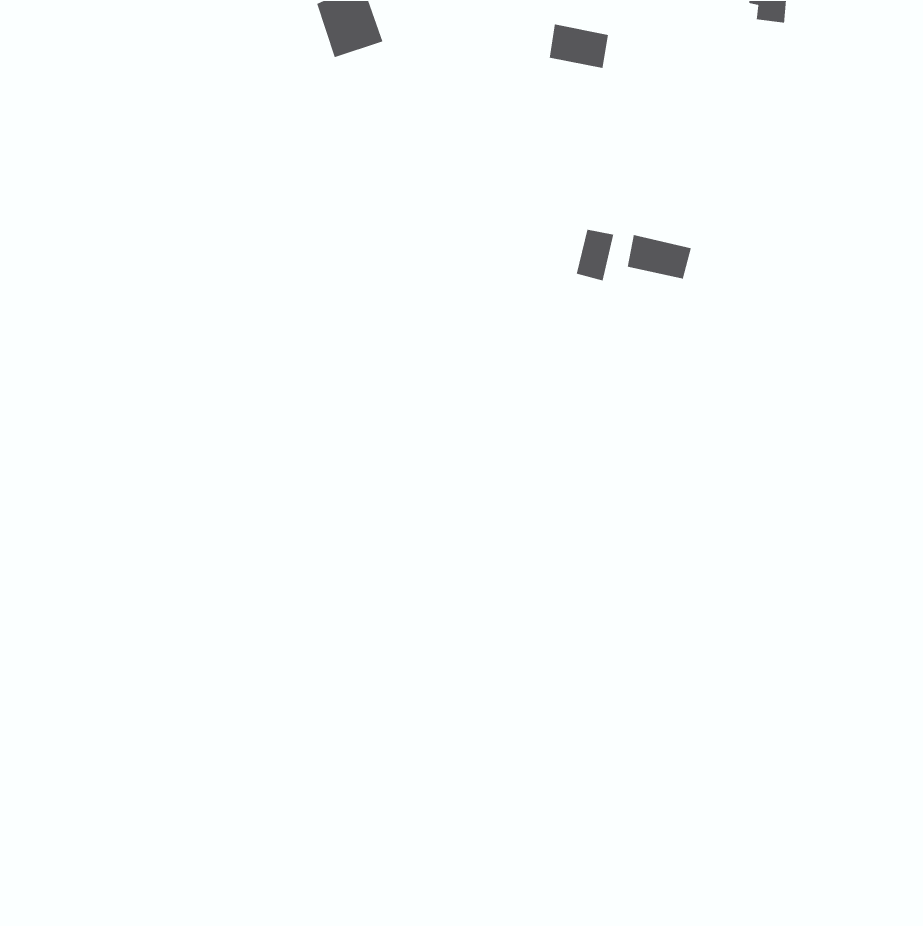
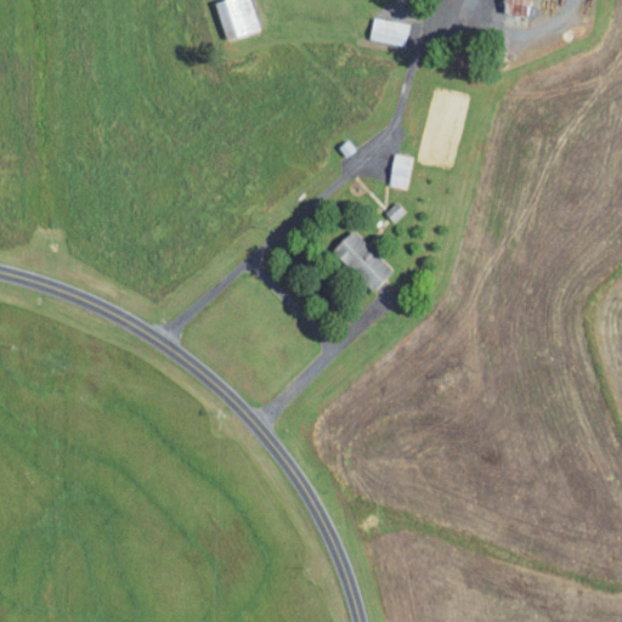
building: [627,234,692,280] -> none
building: none -> [332,231,394,292]

